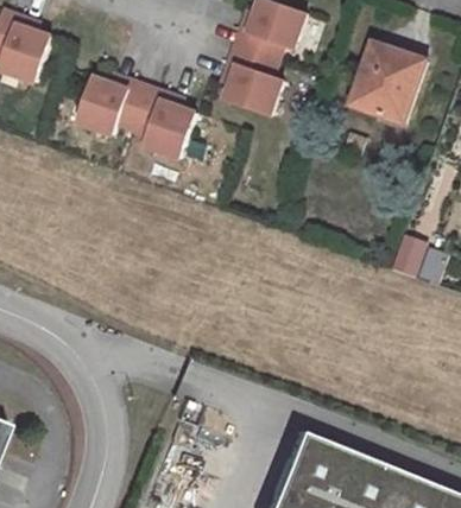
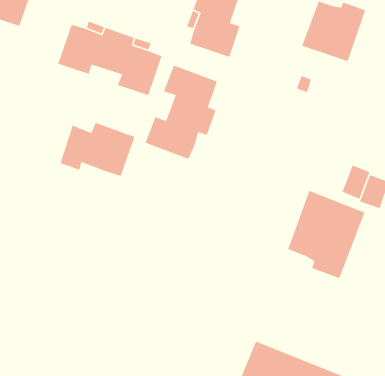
building: none -> [144,65,218,160]
building: none -> [59,122,136,177]
building: none -> [287,190,366,279]

